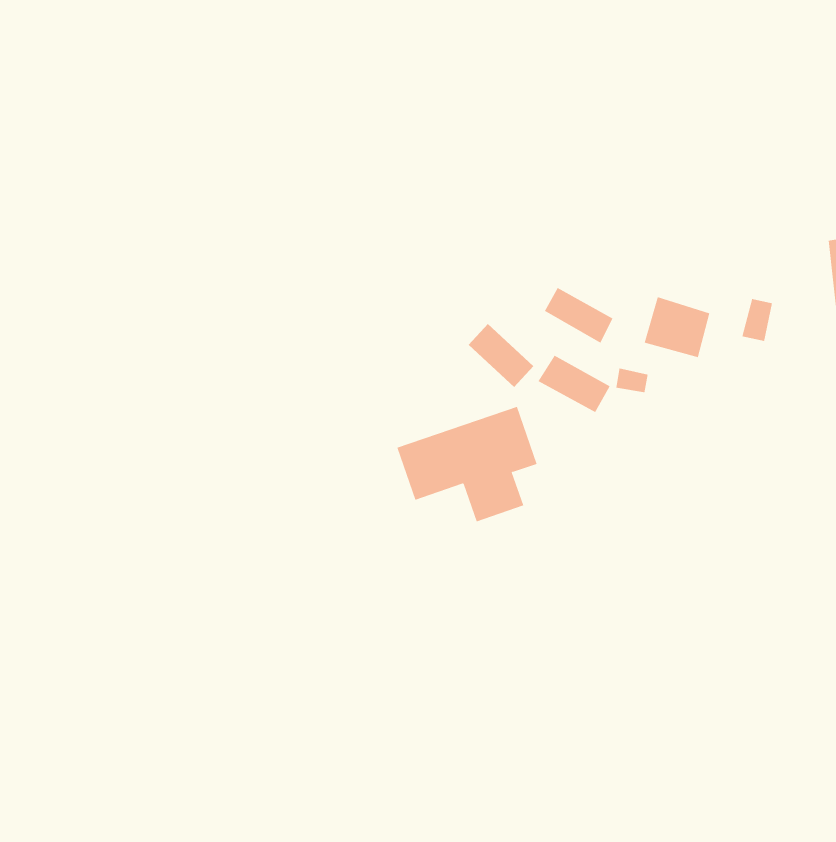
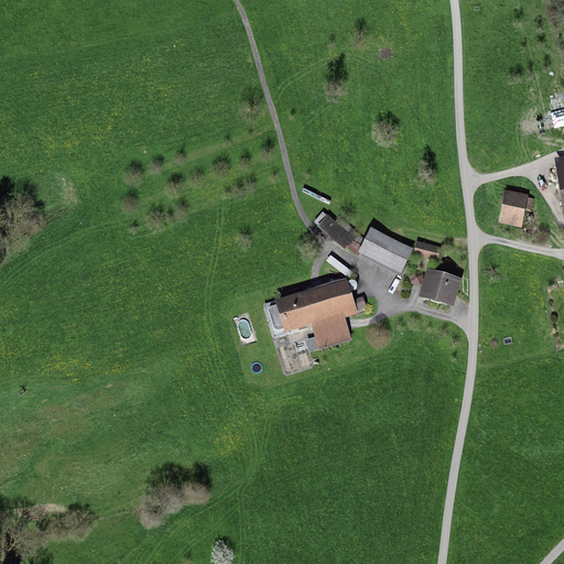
building: [544,287,613,344] -> none
building: [644,297,710,358] -> [419,264,463,305]

